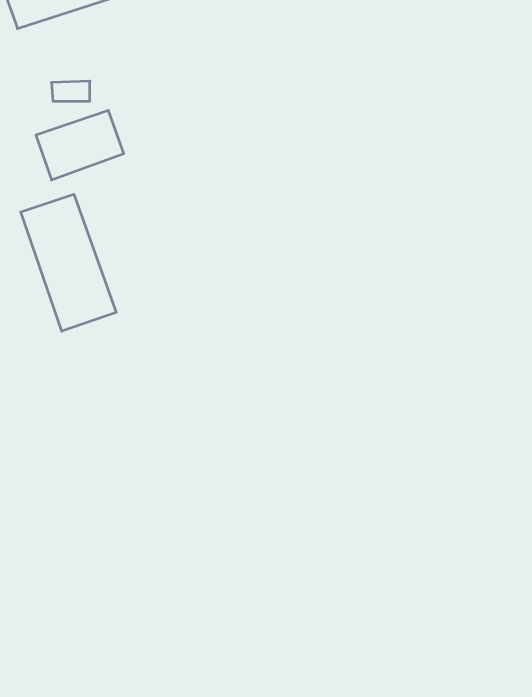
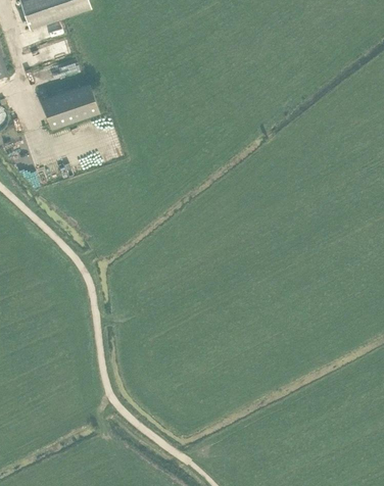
building: [21,194,116,331] -> none

